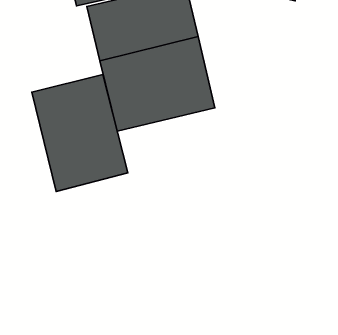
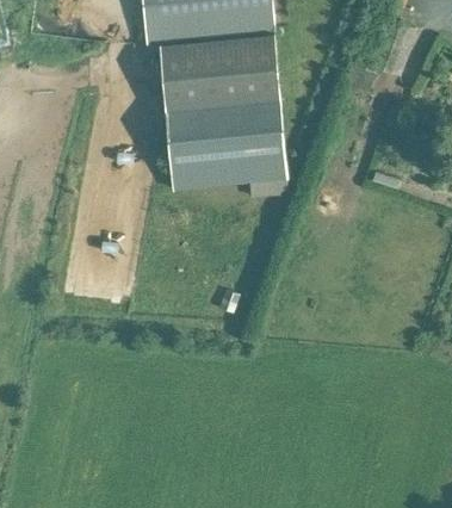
building: [32,75,128,192] -> none

